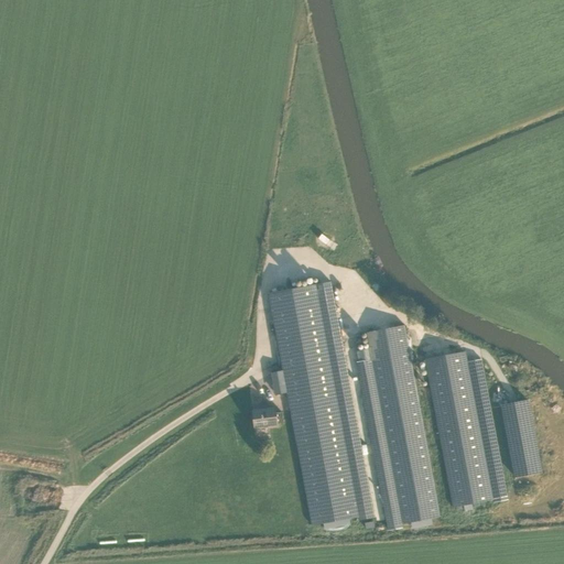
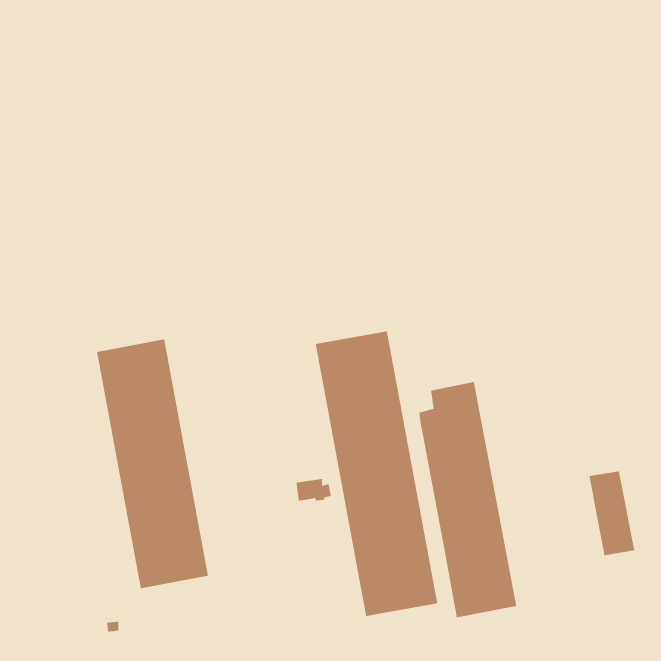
building: none -> [96,339,209,589]
building: [423,351,506,507] -> none

